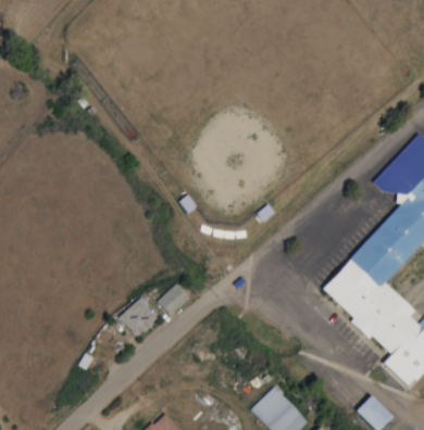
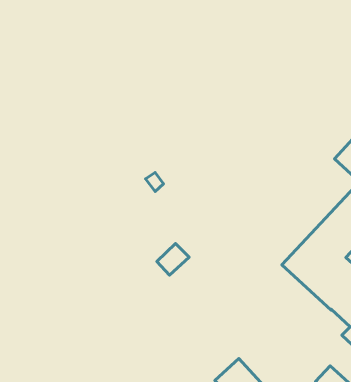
building: [158,283,191,316] -> [157,244,189,275]
building: [120,296,160,337] -> none

